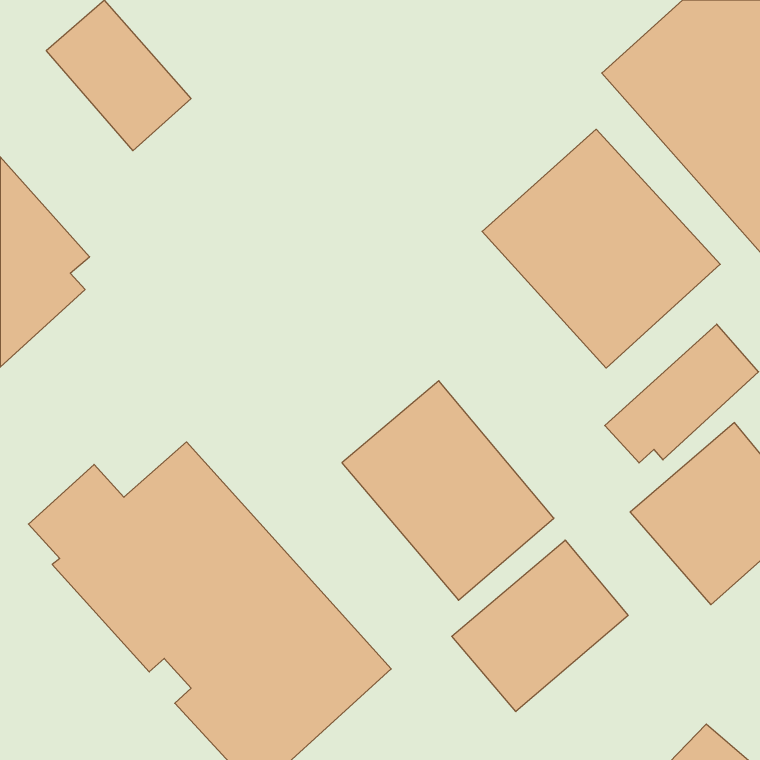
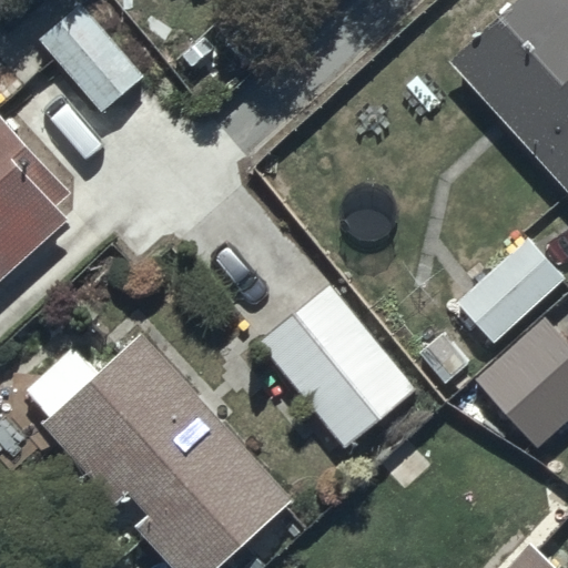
building: [482,129,720,368] -> none
building: [452,540,628,712] -> none

